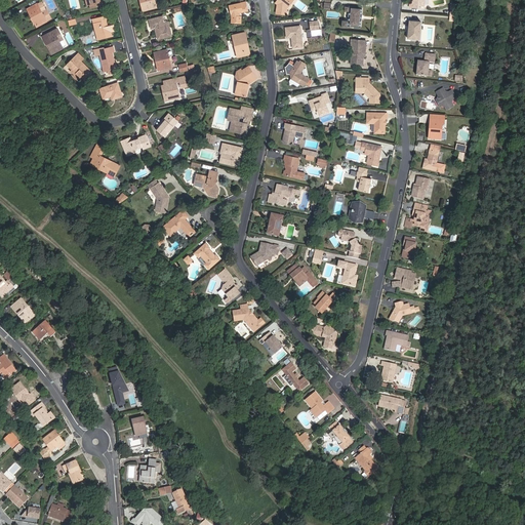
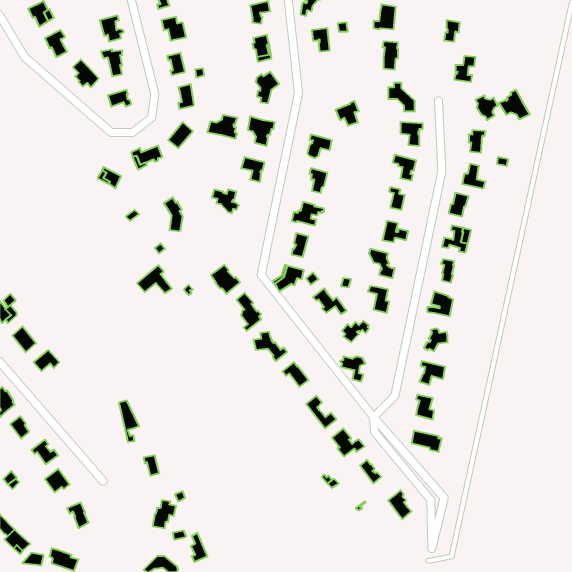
building: [284,59,310,86] -> none
building: none -> [499,90,530,119]
building: none -> [207,115,237,139]
building: [162,209,194,235] -> [137,265,172,293]

